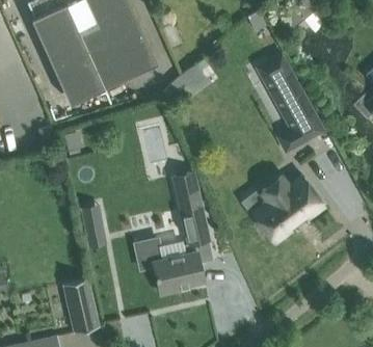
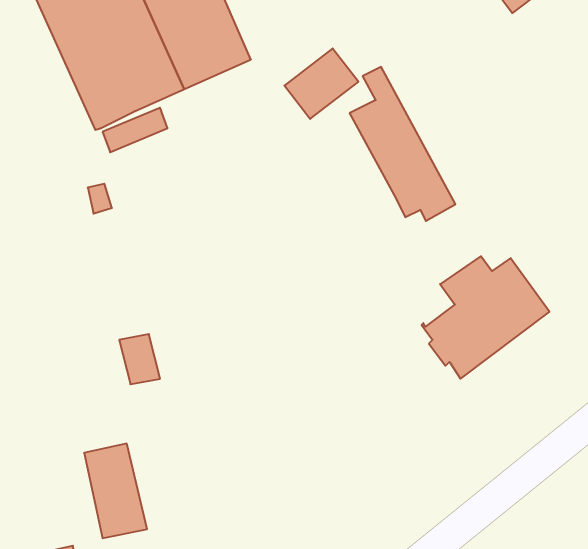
building: [264,53,323,139] -> [350,67,455,221]
building: [132,168,213,294] -> none

